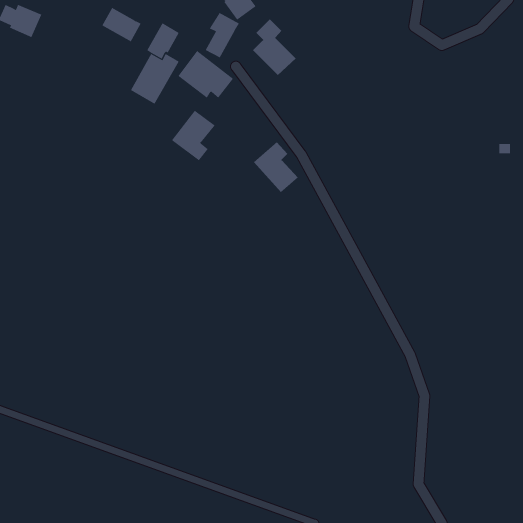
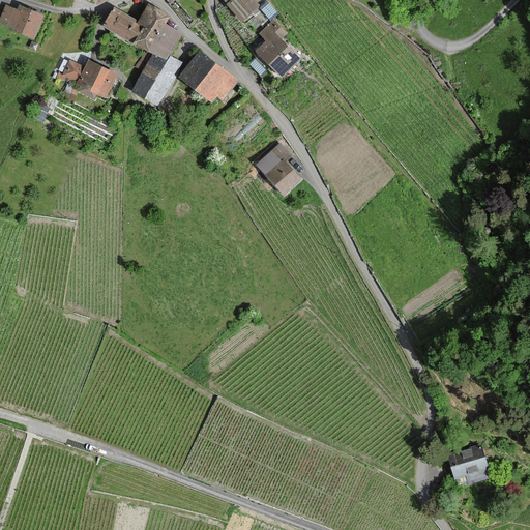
building: [205,12,240,58] -> [132,4,168,51]
building: none -> [61,59,116,98]
building: [171,110,215,161] -> none
building: none -> [446,445,490,485]

